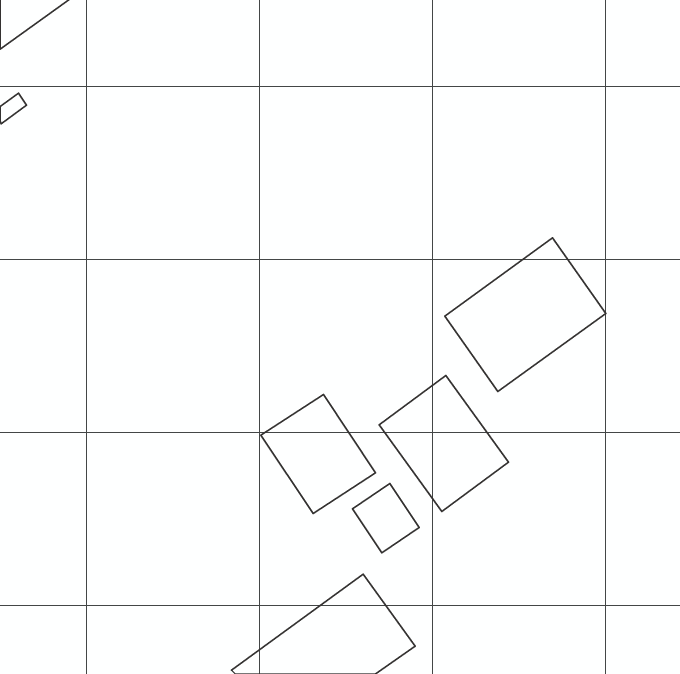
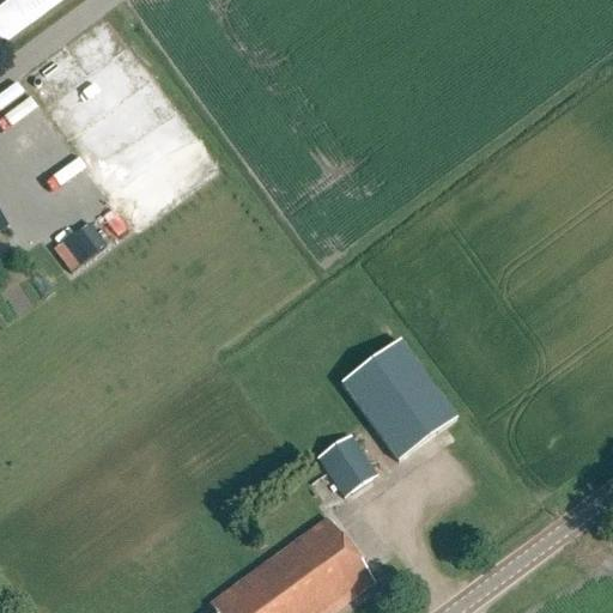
building: [445,238,606,391] -> none
building: [261,394,376,513] -> none

